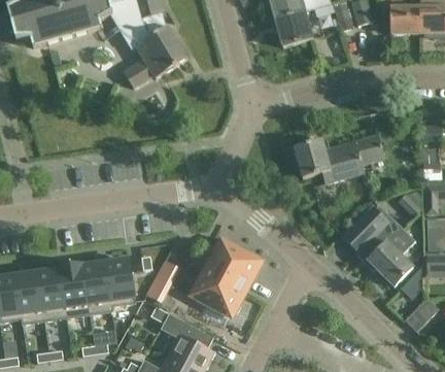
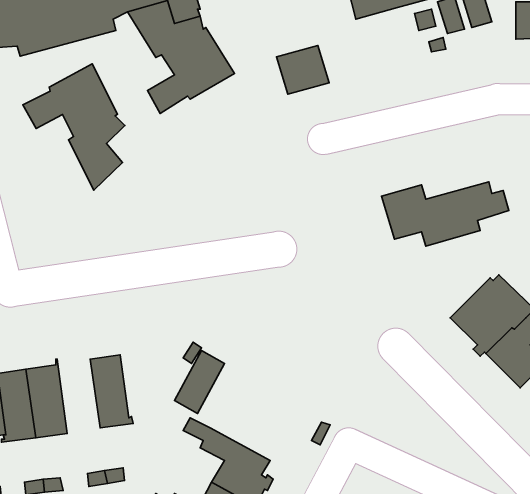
building: [274,10,312,45] -> [276,46,329,94]
building: none -> [23,64,125,190]
building: [191,239,260,315] -> none
building: [104,257,136,306] -> none
building: [59,264,90,317] -> none

